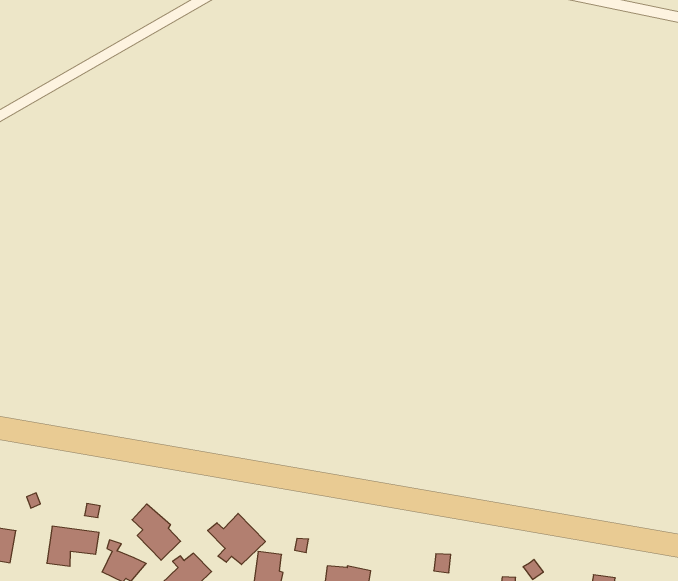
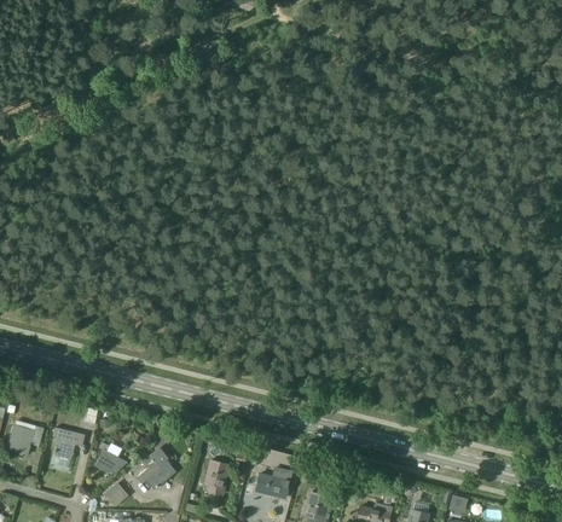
building: [132,504,181,560] -> none
building: [208,513,265,565] -> none

